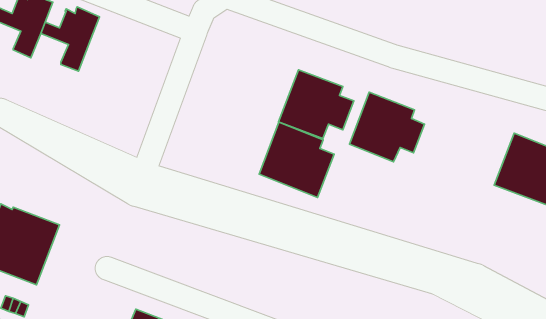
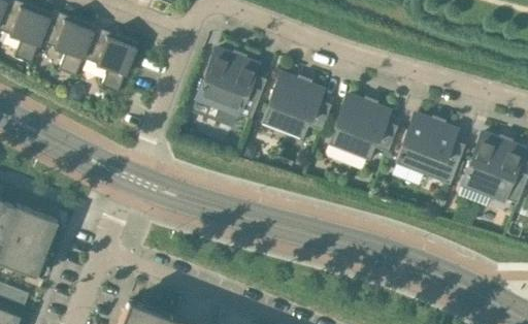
building: none -> [82,33,138,92]
building: none -> [396,115,465,184]
building: [259,122,334,197] -> [197,48,267,119]

